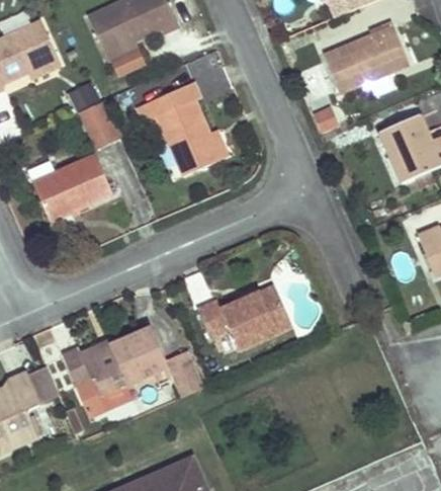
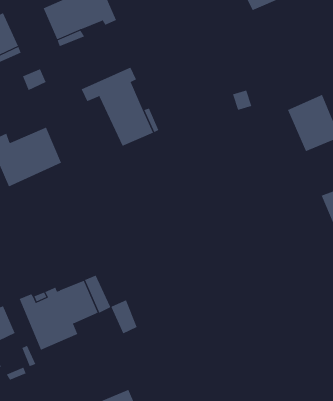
building: [323,22,409,93] -> none
building: [81,100,120,148] -> none
building: [196,285,291,350] -> none

